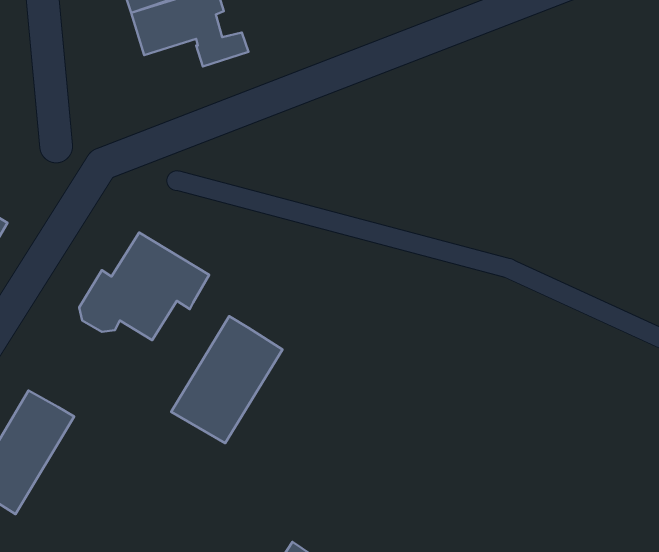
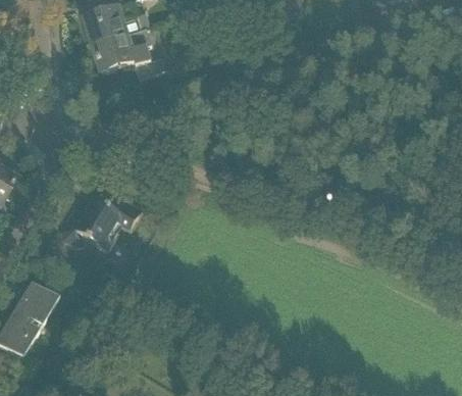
building: [171,316,282,443] -> none

